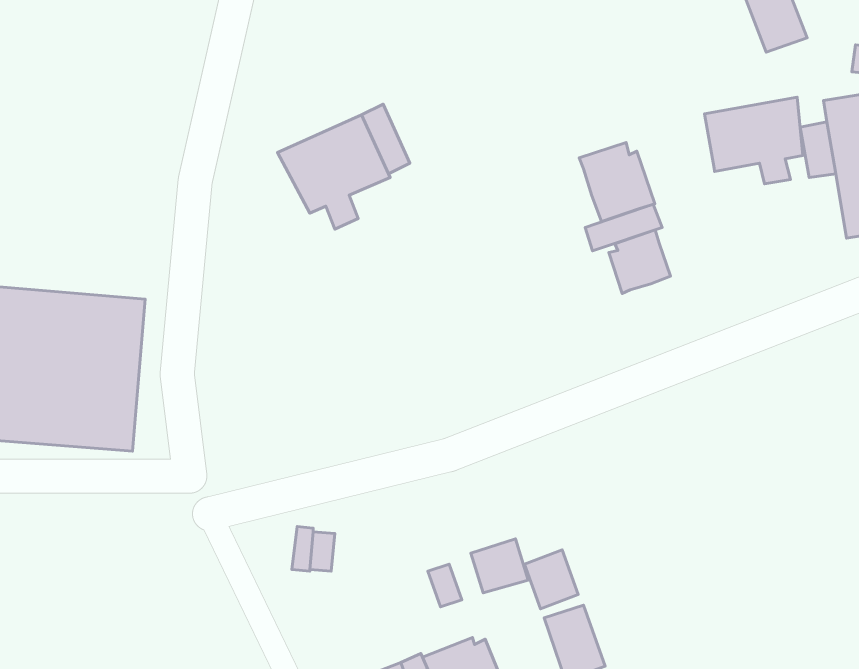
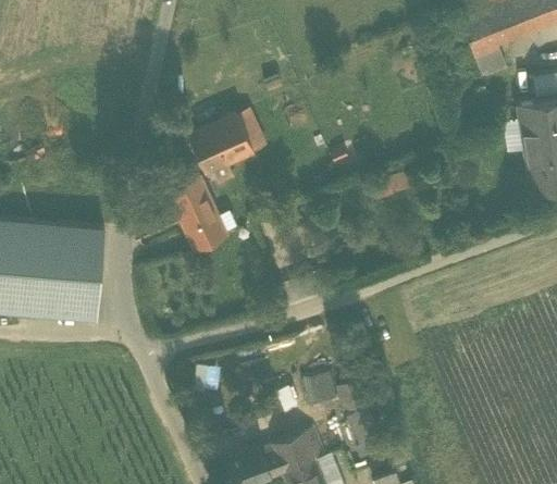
building: [704,97,803,184] -> none
building: [579,143,655,222] -> none
building: none -> [168,178,227,253]
building: [609,230,670,293] -> none

